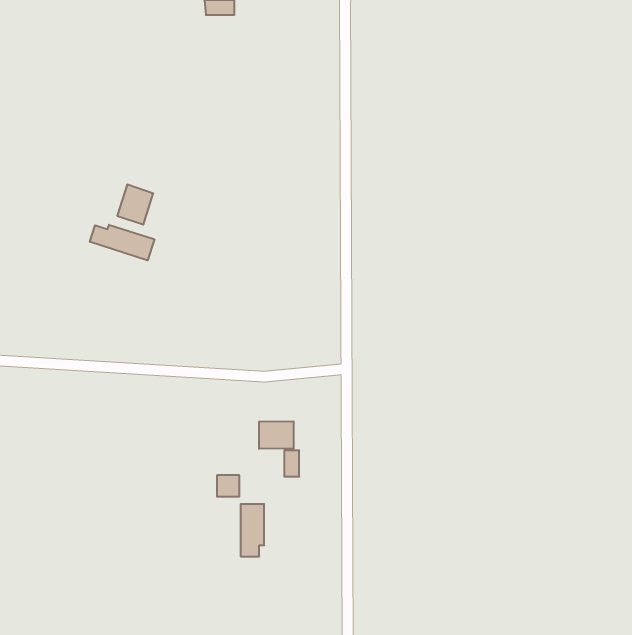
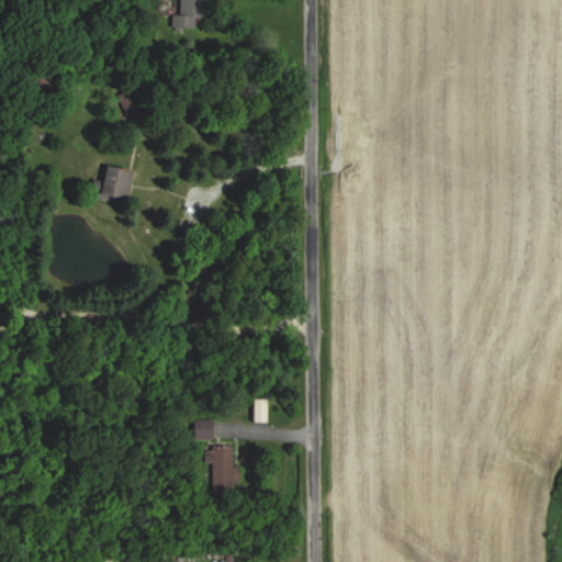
building: [90,225,154,260] -> none
building: [259,421,294,449] -> none

